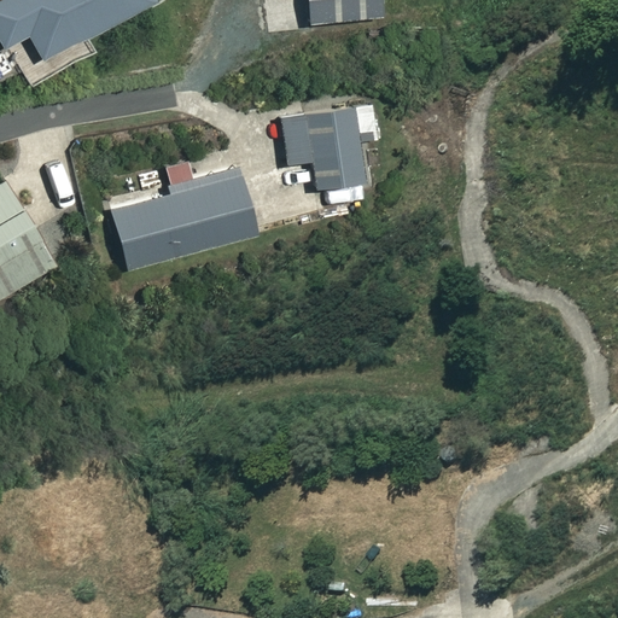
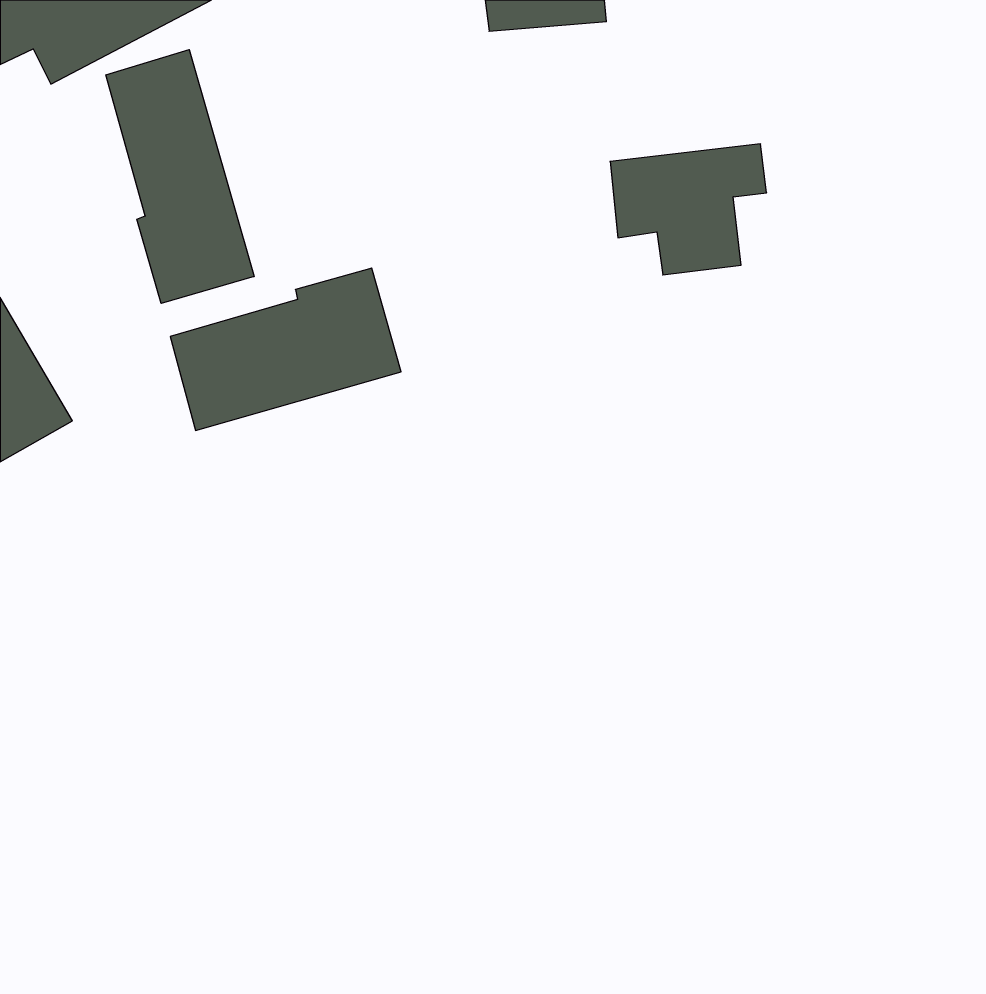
building: none -> [106,50,254,303]
building: [284,106,380,187] -> [610,144,767,275]

